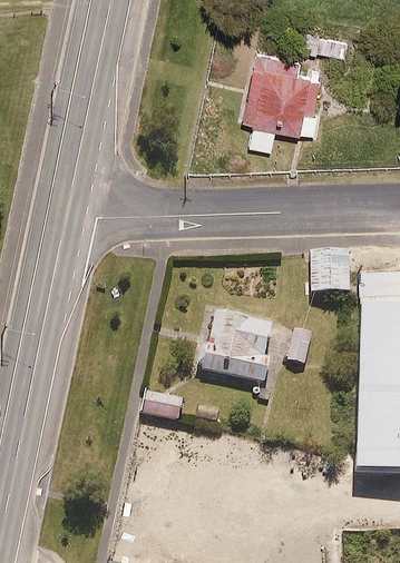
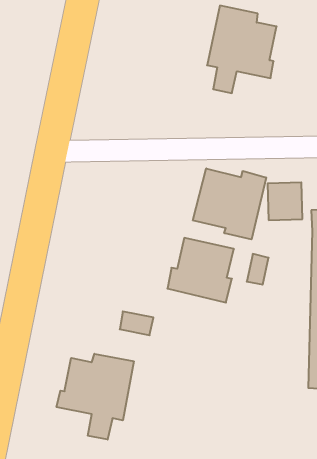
building: none -> [193,168,266,239]
building: none -> [57,354,134,440]

